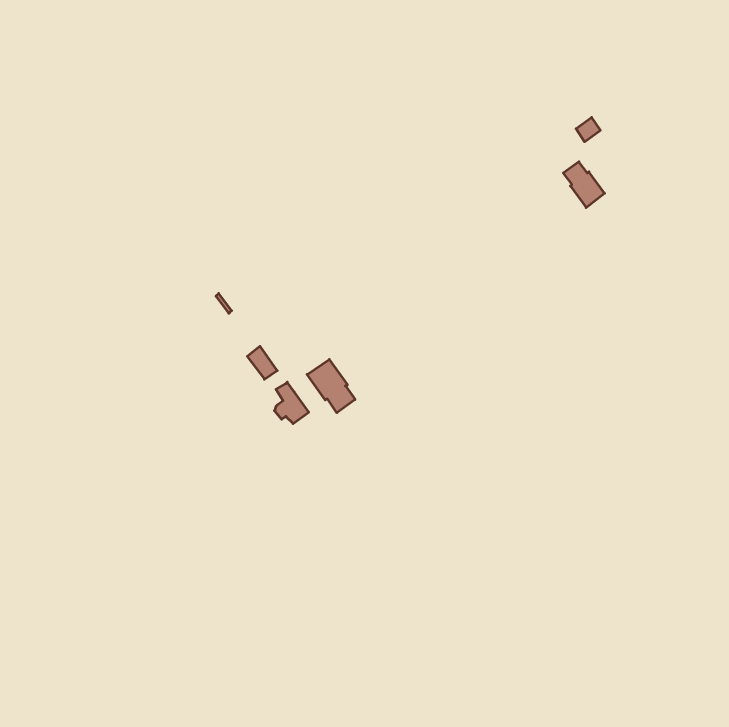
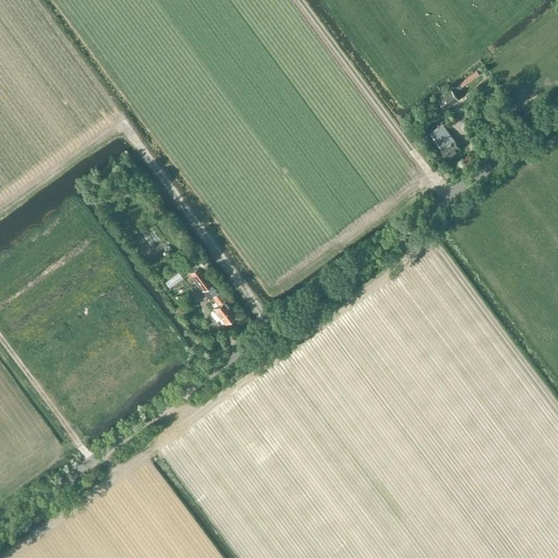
building: [307,359,355,413] -> none

